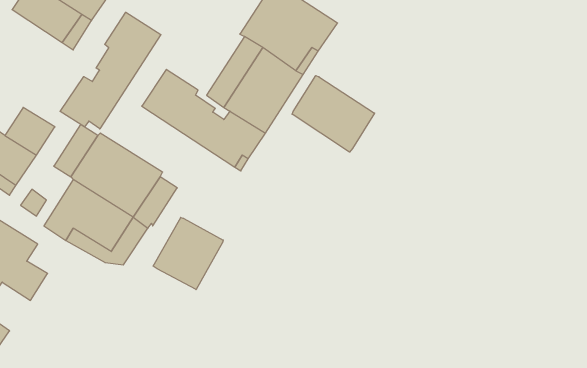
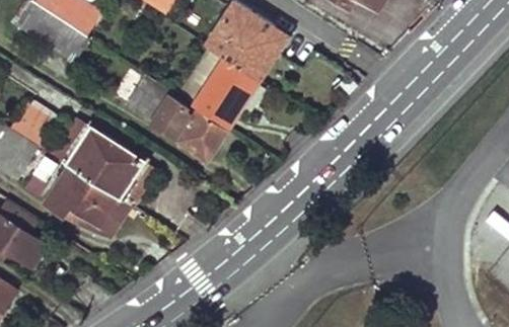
building: [60,12,161,129] -> none
building: [292,76,375,152] -> none
building: [153,217,223,290] -> none

